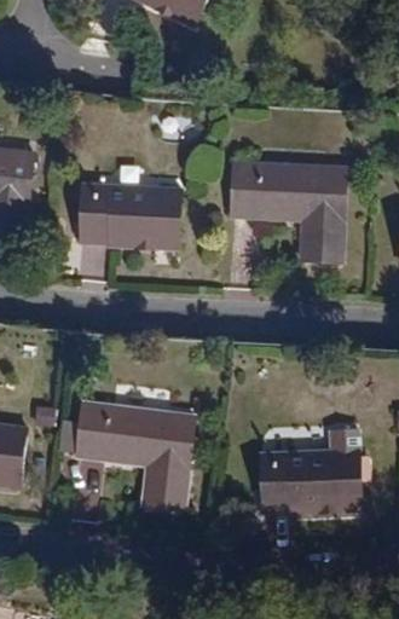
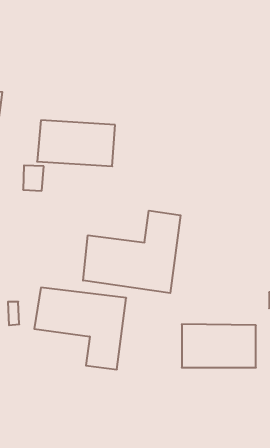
building: [235,164,348,260] -> none
building: none -> [83,211,181,293]

